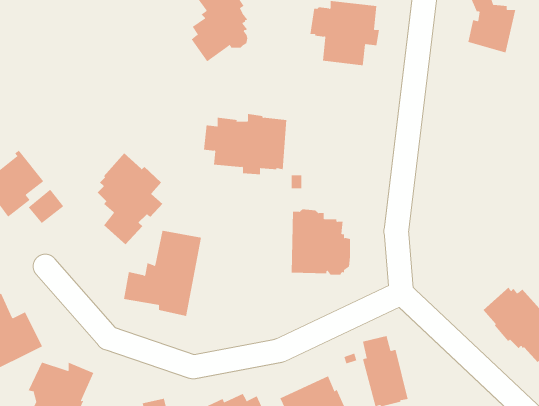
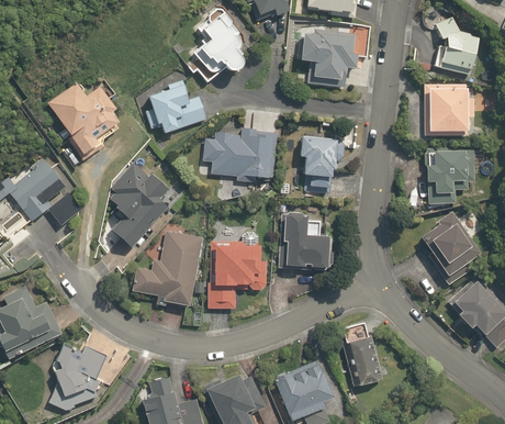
building: none -> [146,80,206,133]
building: none -> [48,83,119,160]
building: none -> [424,85,474,135]
building: none -> [301,135,345,193]
building: none -> [424,148,474,204]
building: none -> [420,211,481,284]
building: none -> [207,232,266,309]

